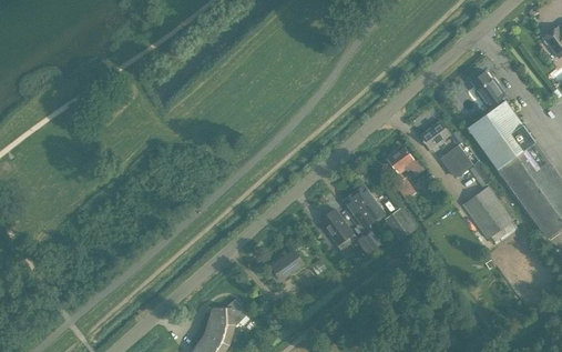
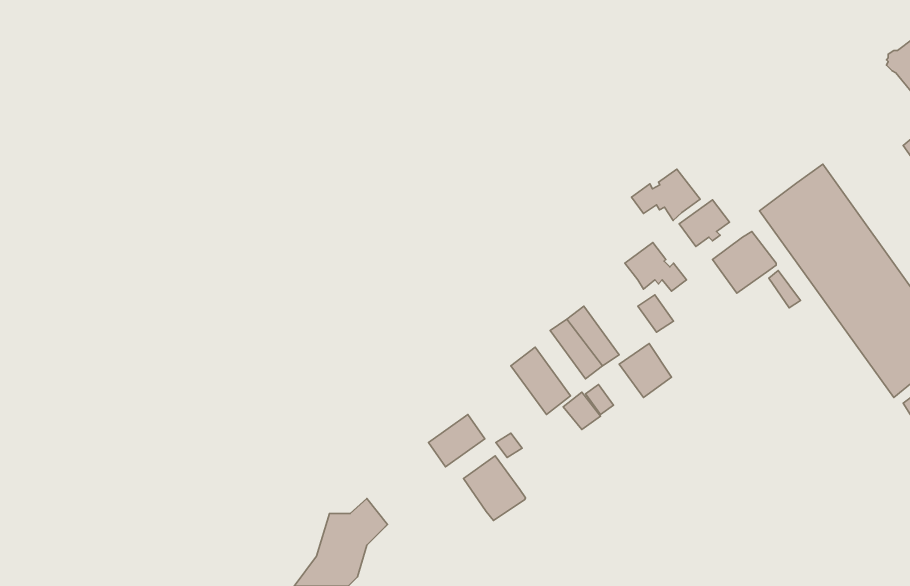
building: [470,71,504,111] -> none
building: none -> [631,169,700,220]
building: [462,185,517,244] -> none
building: none -> [463,456,525,520]

